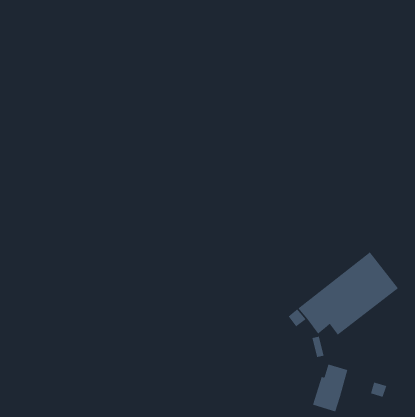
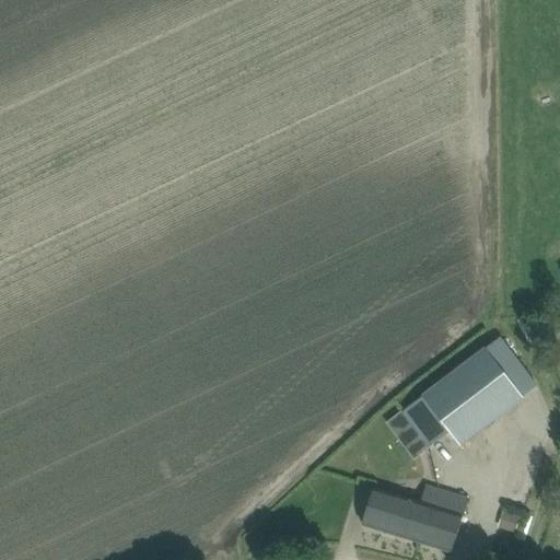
building: none -> [361,483,440,542]

